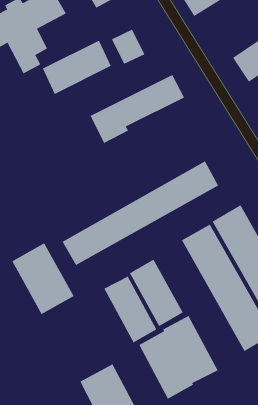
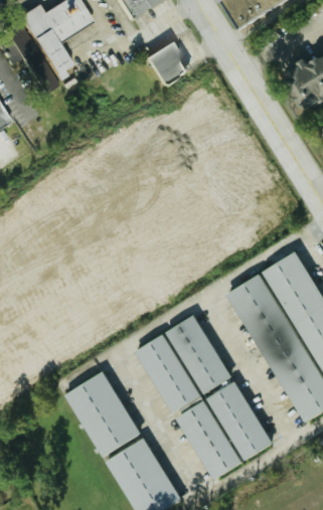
building: [42,40,112,95] -> none
building: [90,74,185,144] -> none
building: [62,160,219,266] -> none
building: [11,242,74,315] -> [65,371,140,457]

